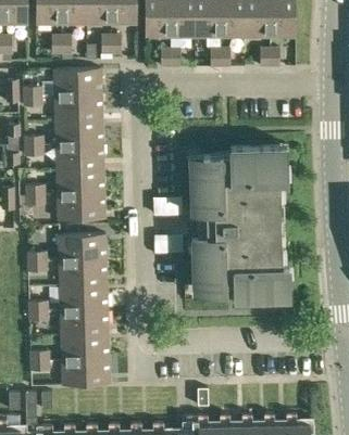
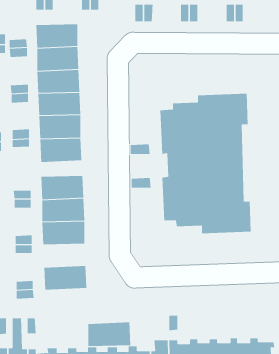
building: [60,311,108,337] -> none
building: [62,360,110,387] -> [88,322,131,347]

